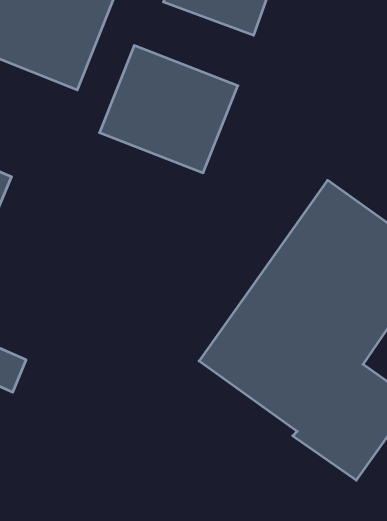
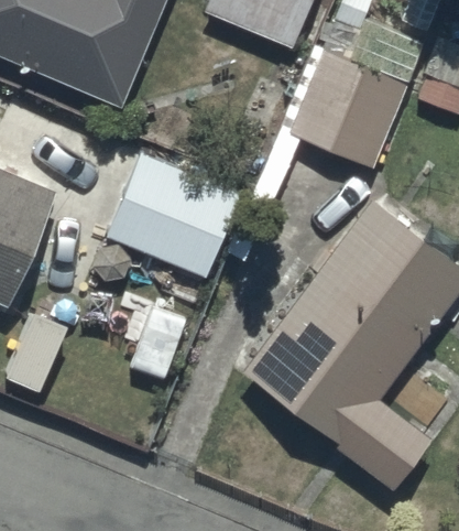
building: none -> [288,50,406,171]
building: [99,46,238,173] -> [106,154,242,280]

